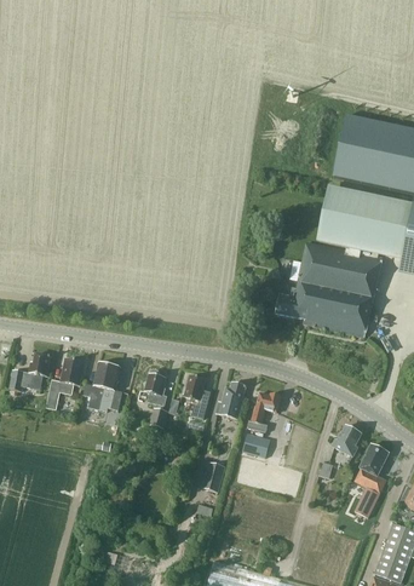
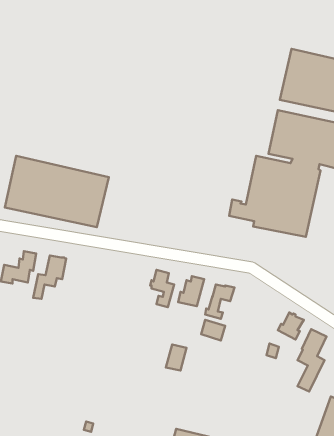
building: none -> [5,156,109,227]
building: [82,362,121,410] -> none
building: [143,369,167,433] -> none

